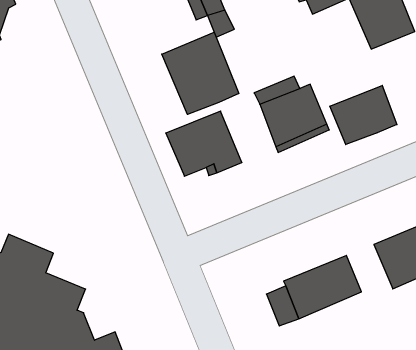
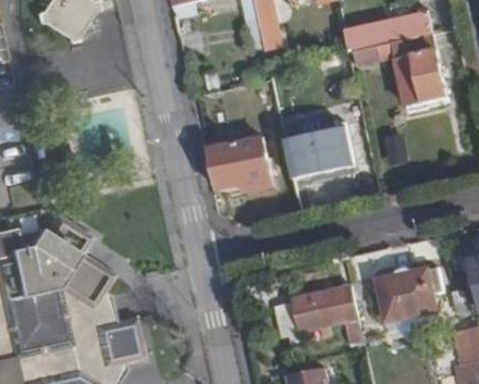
building: [162,32,239,114] -> none
building: [330,85,397,145] -> none

